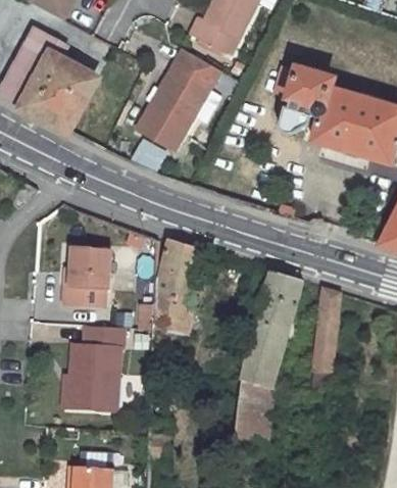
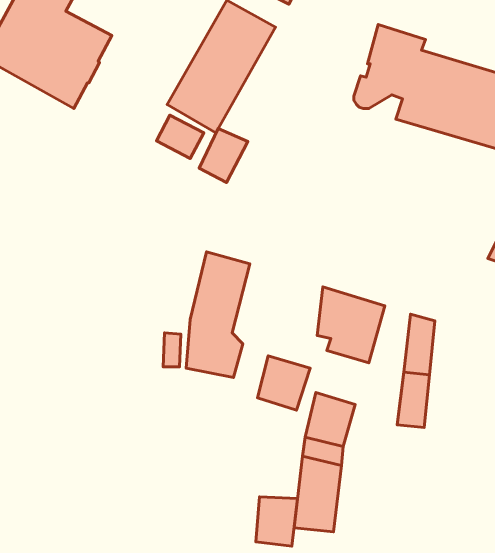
building: none -> [199,129,248,182]
building: [63,247,110,306] -> none
building: [250,313,290,354] -> [257,356,310,410]
building: [68,325,123,410] -> none
building: none -> [256,497,298,546]

